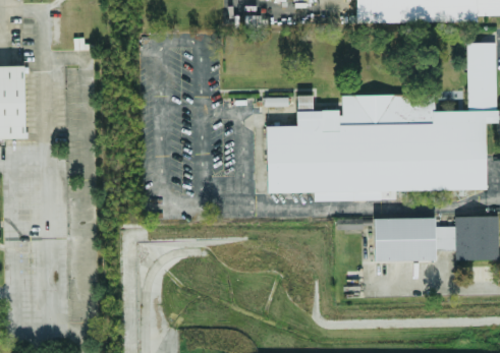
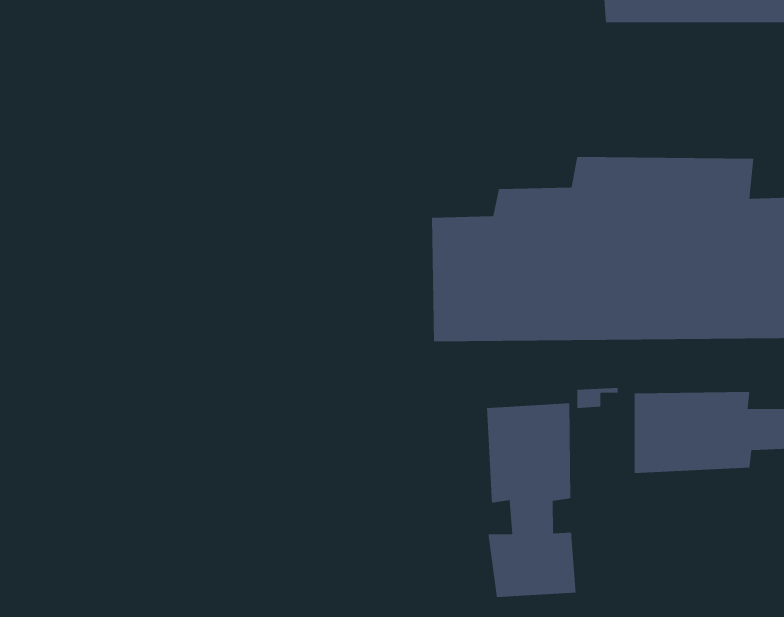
building: none -> [486,403,576,598]

